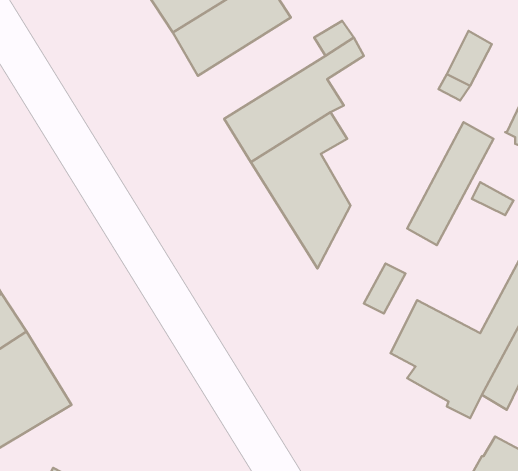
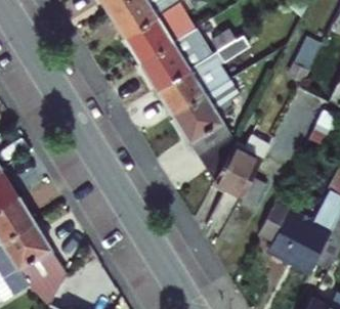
building: none -> [139,29,213,91]
building: none -> [213,144,261,197]

